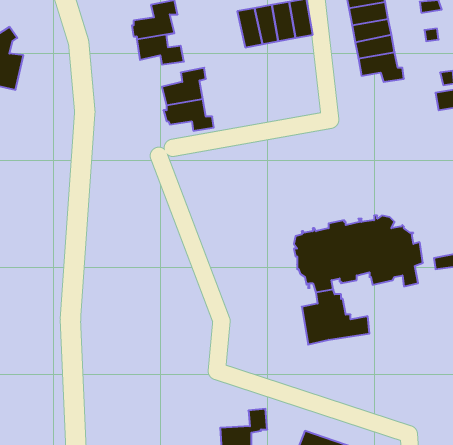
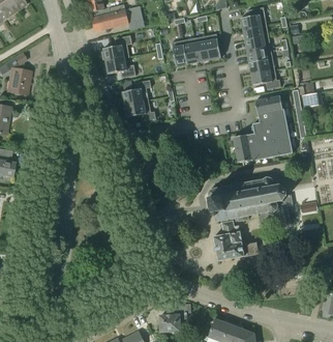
building: none -> [234,95,293,162]

